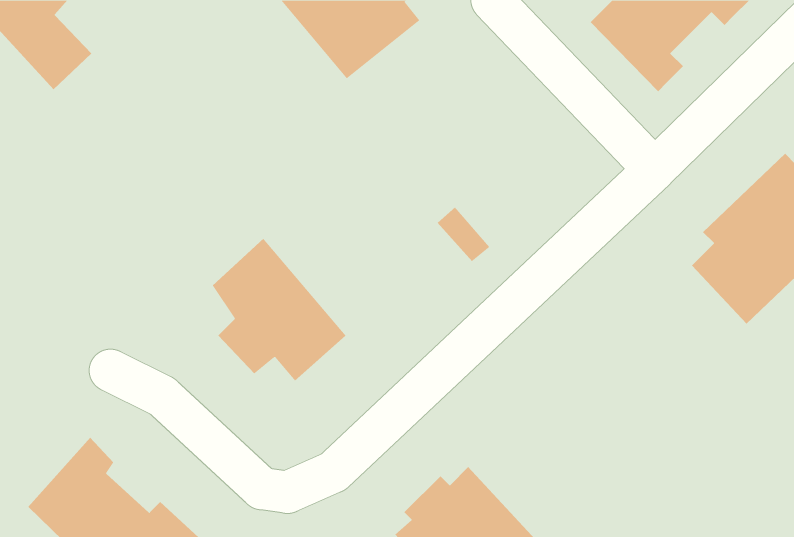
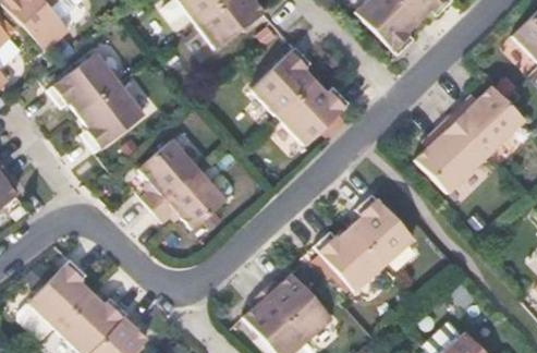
building: none -> [257,50,351,142]
building: none -> [49,58,138,149]
building: none -> [316,197,412,292]

